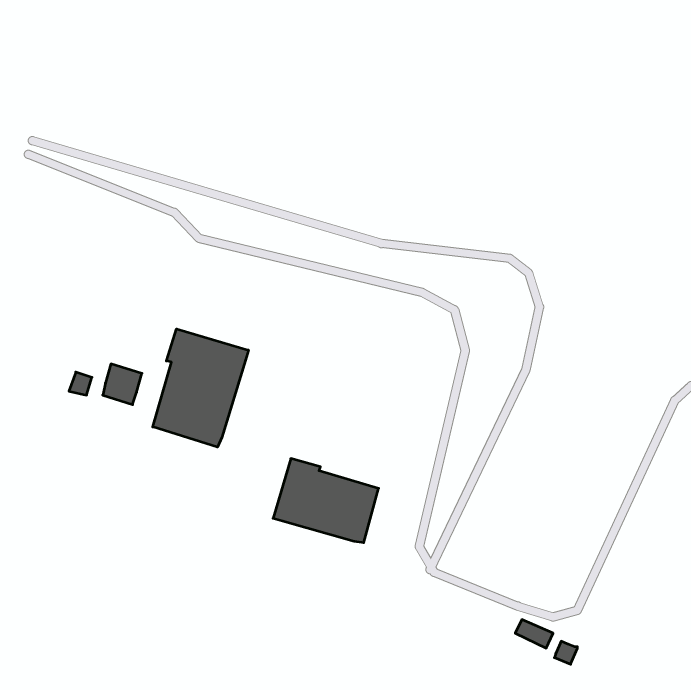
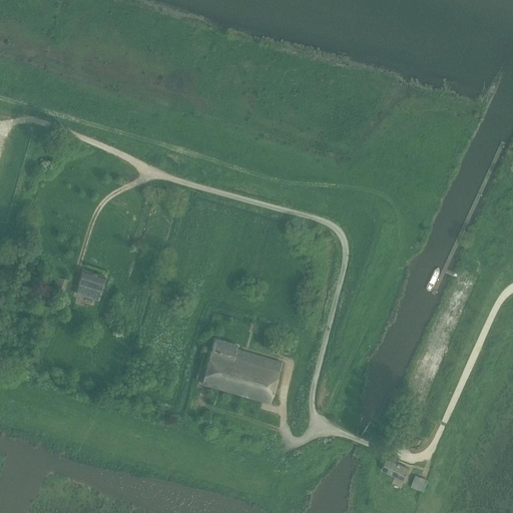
building: [153,329,248,447] -> none

